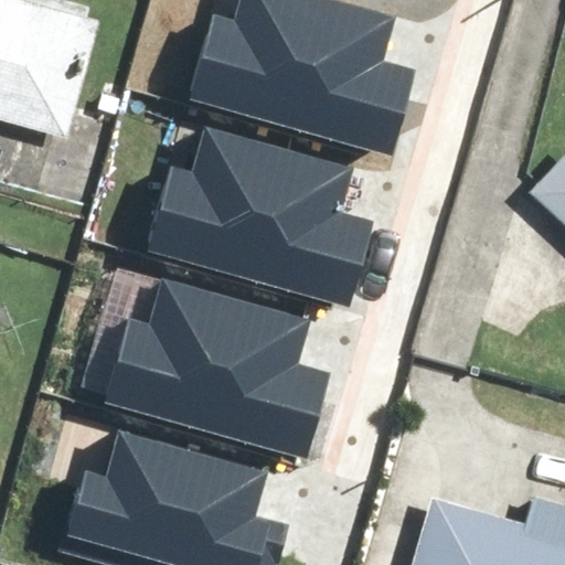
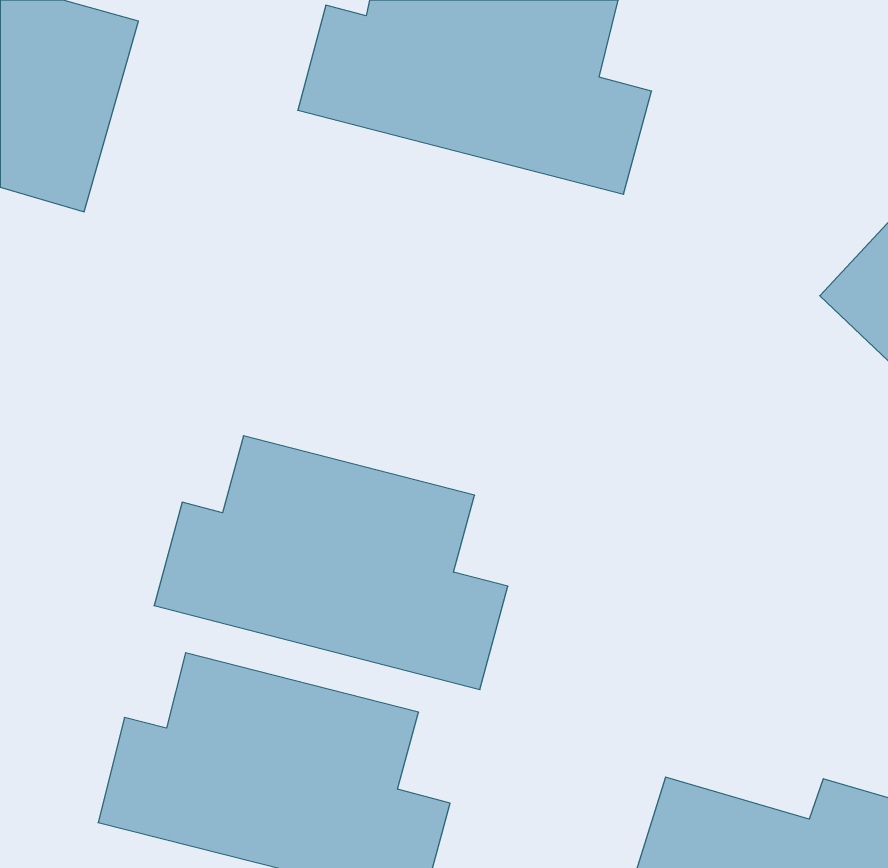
building: [150,129,372,290] -> none

